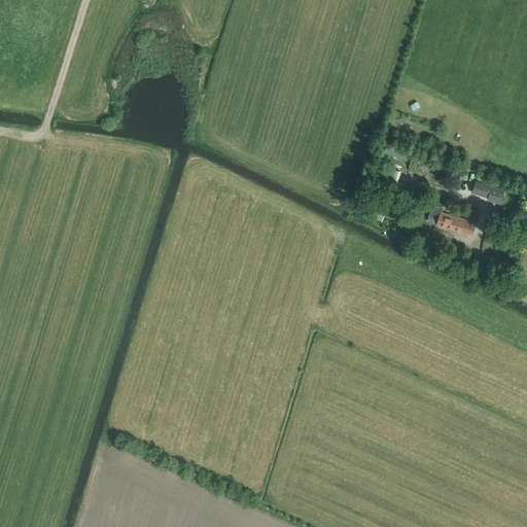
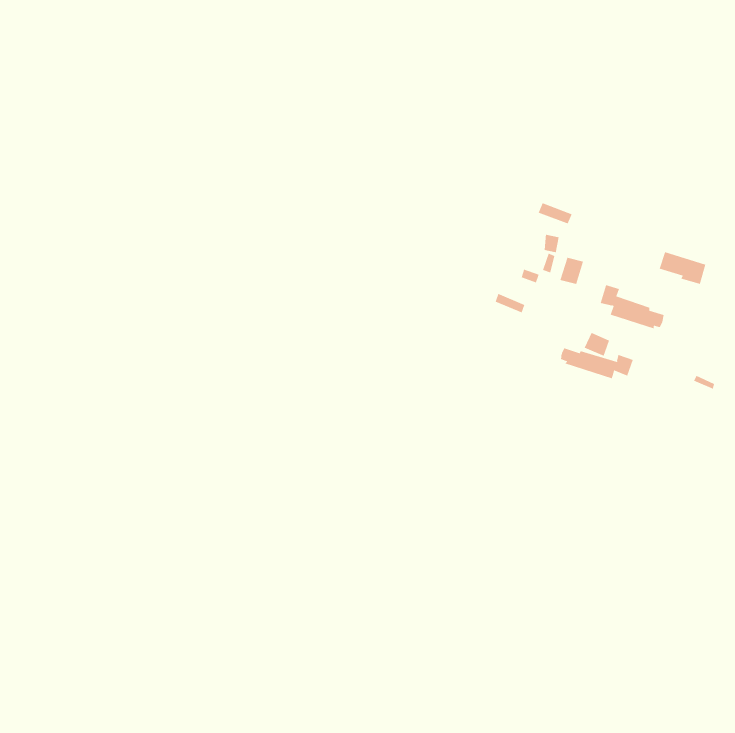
building: none -> [560,347,633,379]

